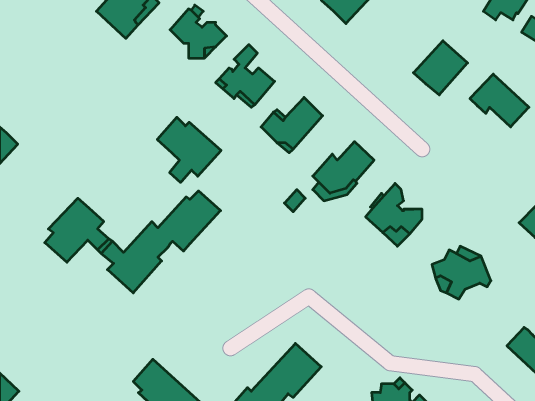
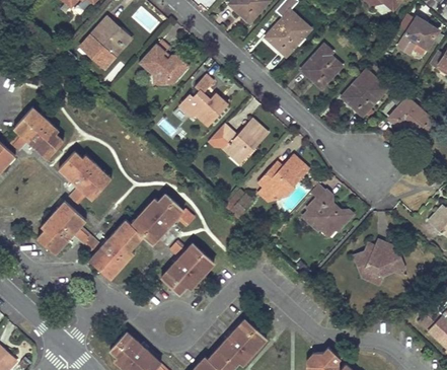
building: none -> [301,45,342,88]
building: none -> [10,106,63,158]
building: [157,117,221,182] -> [59,151,111,205]
building: none -> [161,240,214,294]

